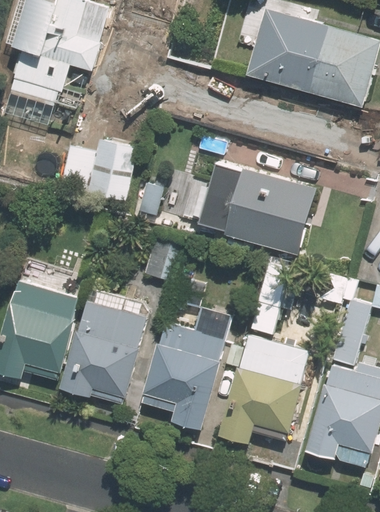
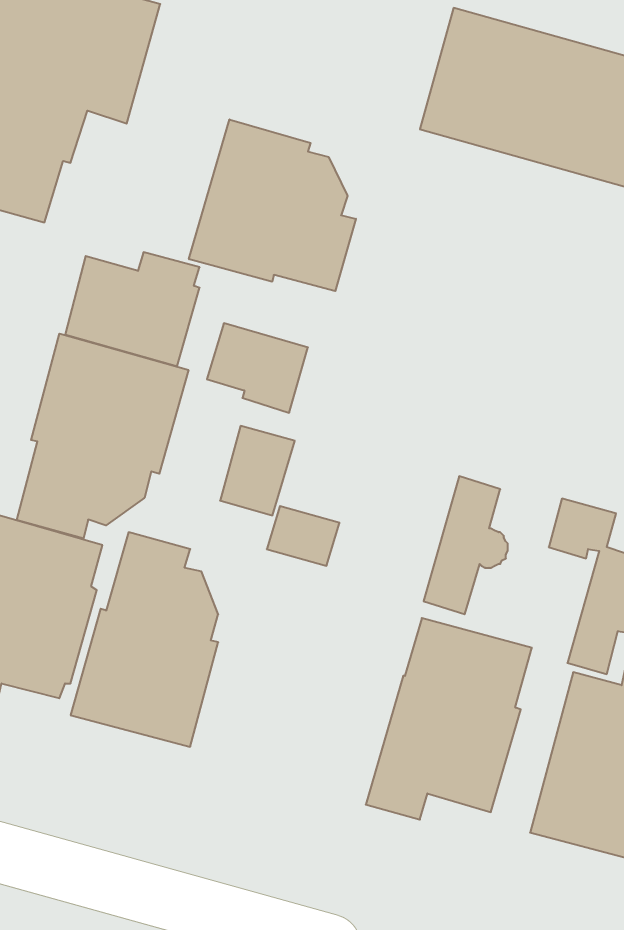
building: none -> [189,119,356,291]
building: [208,162,318,254] -> none
building: none -> [17,334,188,539]
building: [141,317,228,429] -> none

